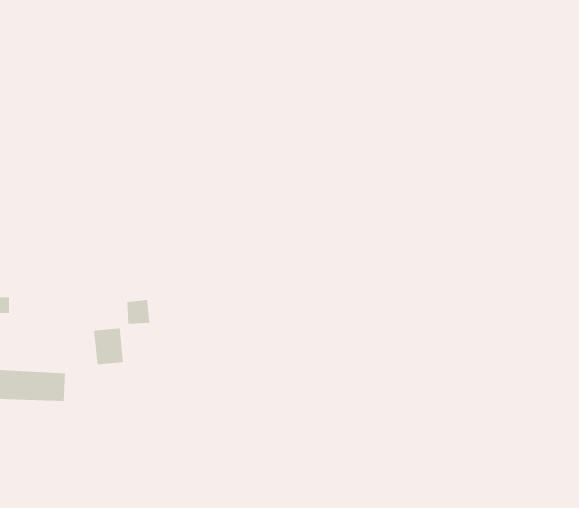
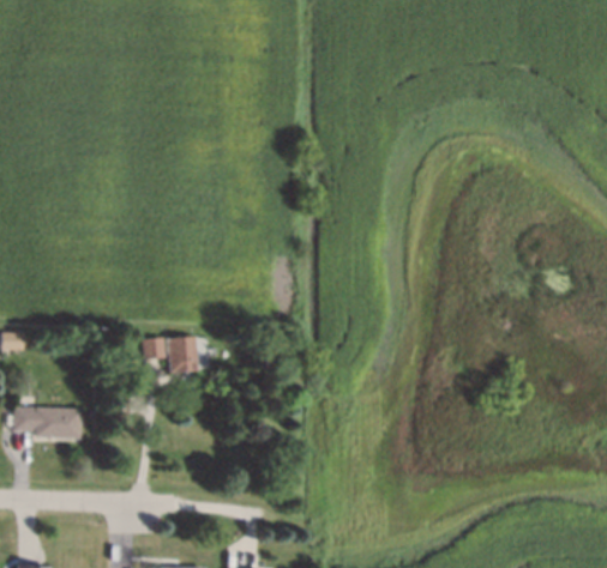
building: [93,328,124,365] -> [168,336,199,373]

